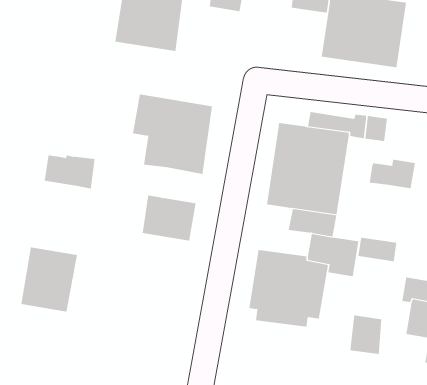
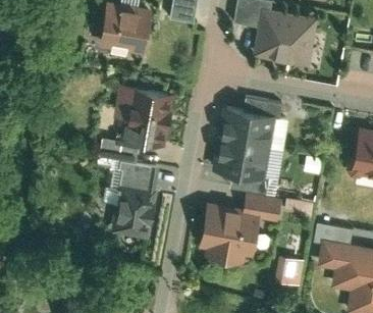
building: [44,155,96,189] -> [103,140,142,165]
building: [369,159,416,189] -> none
building: [21,247,78,312] -> [116,192,159,241]

